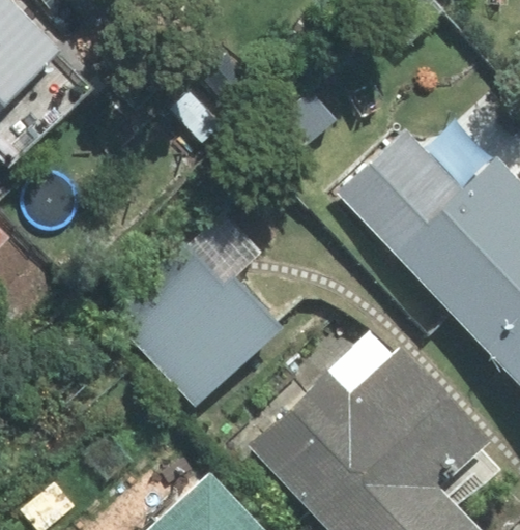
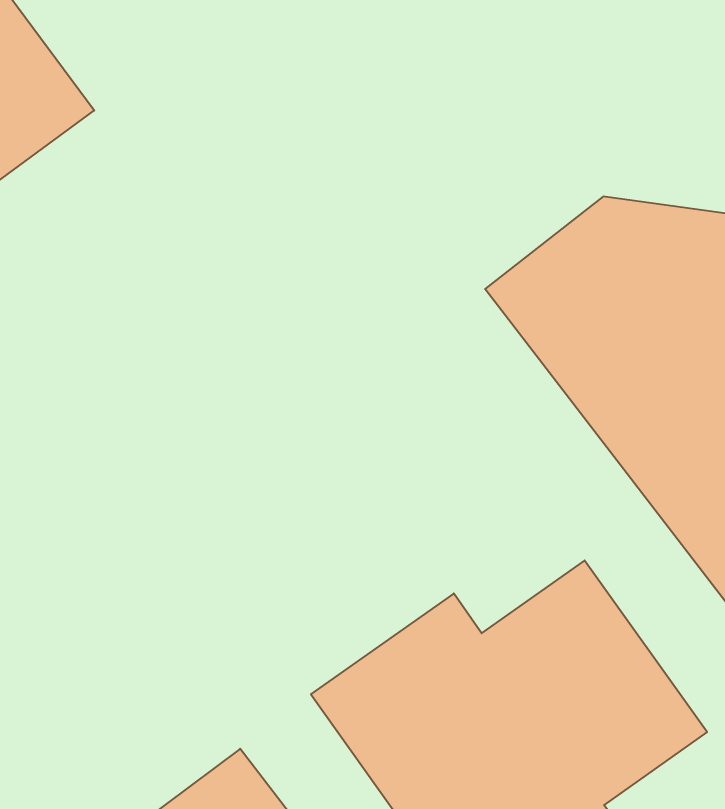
building: [116,237,284,406] -> none

